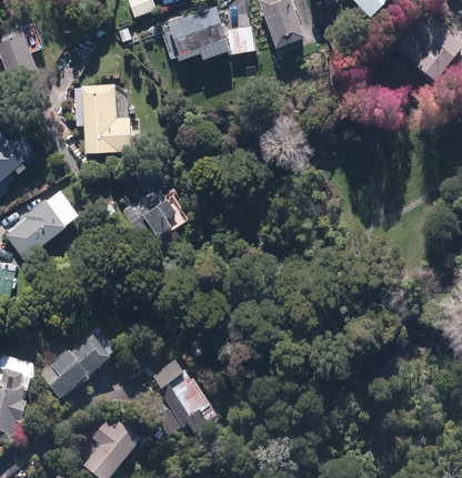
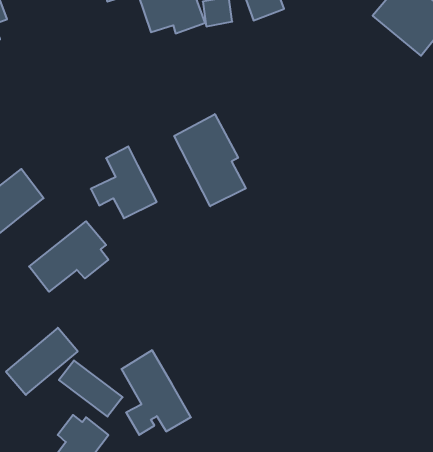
building: [82,83,130,151] -> none
building: none -> [174,114,246,206]
building: none -> [29,221,108,292]
building: none -> [59,360,123,417]

